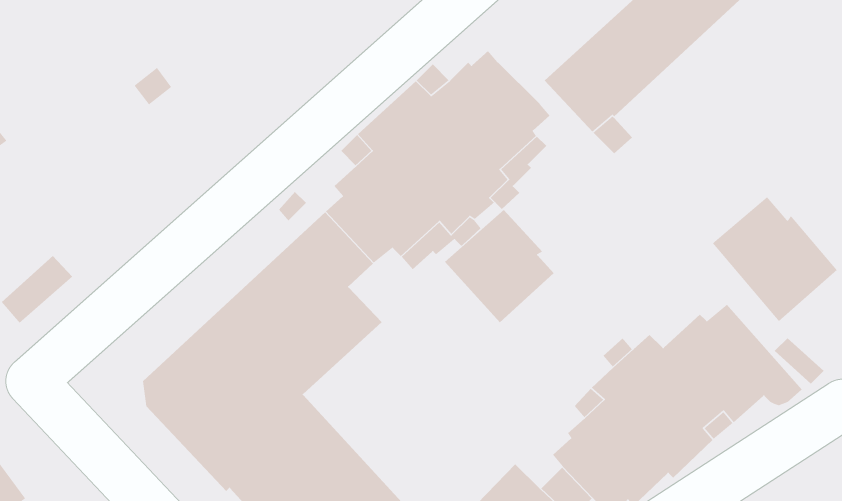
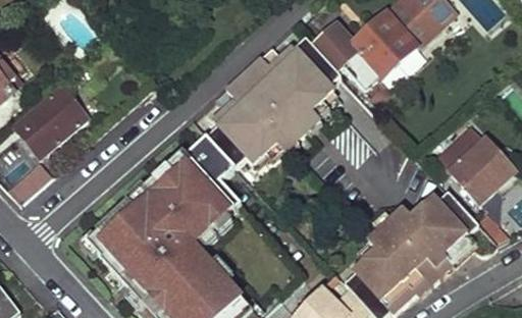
building: none -> [310,23,352,70]
building: none -> [14,86,85,156]
building: [444,209,554,323] -> none

